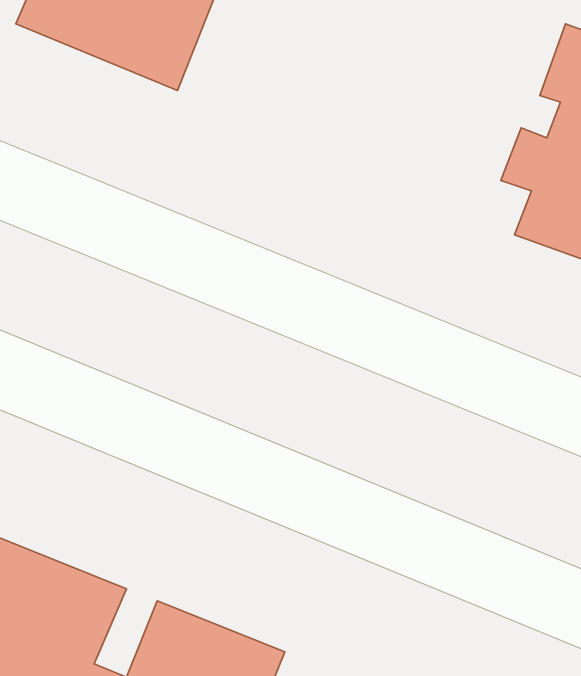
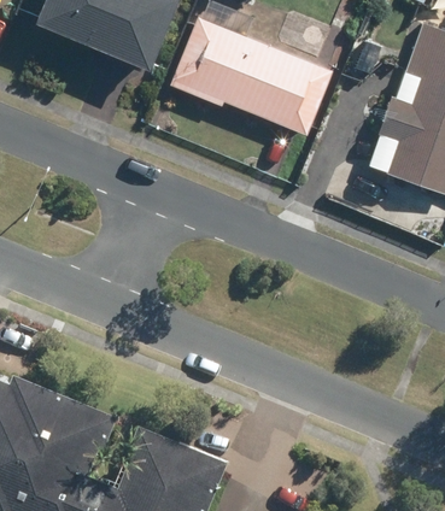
building: none -> [169,13,328,131]

